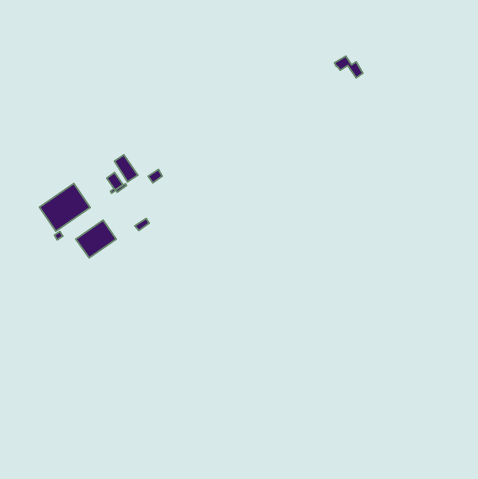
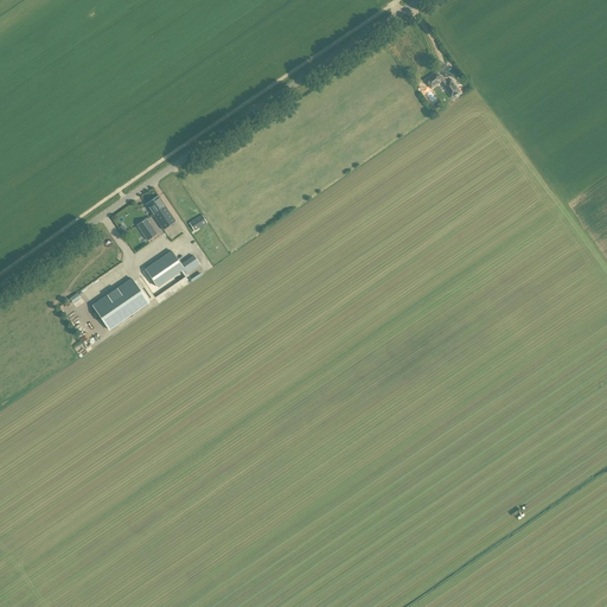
building: [39,183,90,231] -> none
building: none -> [143,251,184,288]

